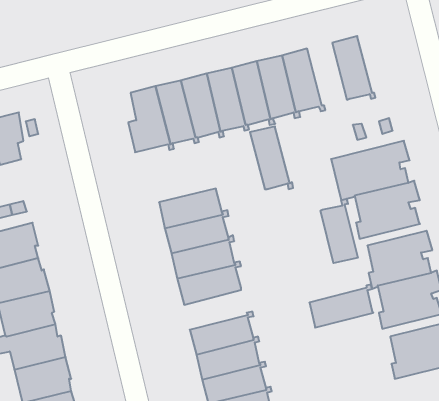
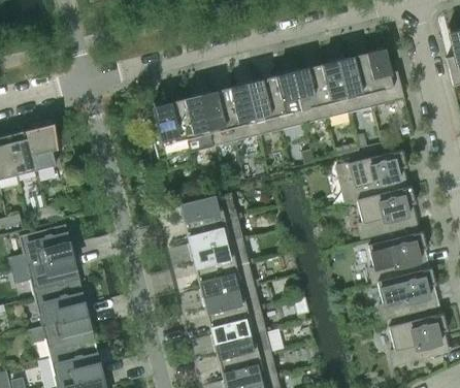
building: none -> [360,47,404,105]
building: [250,126,293,189] -> [315,60,354,117]
building: [321,199,358,263] -> none
building: [309,284,373,328] -> [203,281,261,320]

